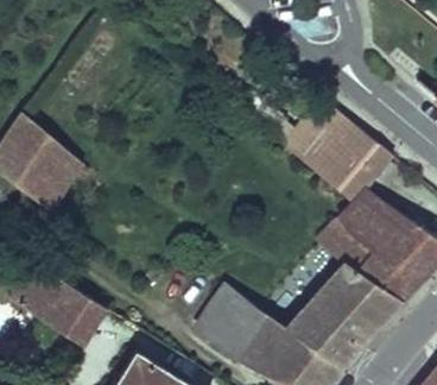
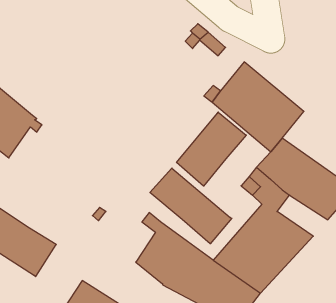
building: none -> [177,112,246,186]
building: none -> [150,168,232,244]
building: [359,251,417,298] -> none

